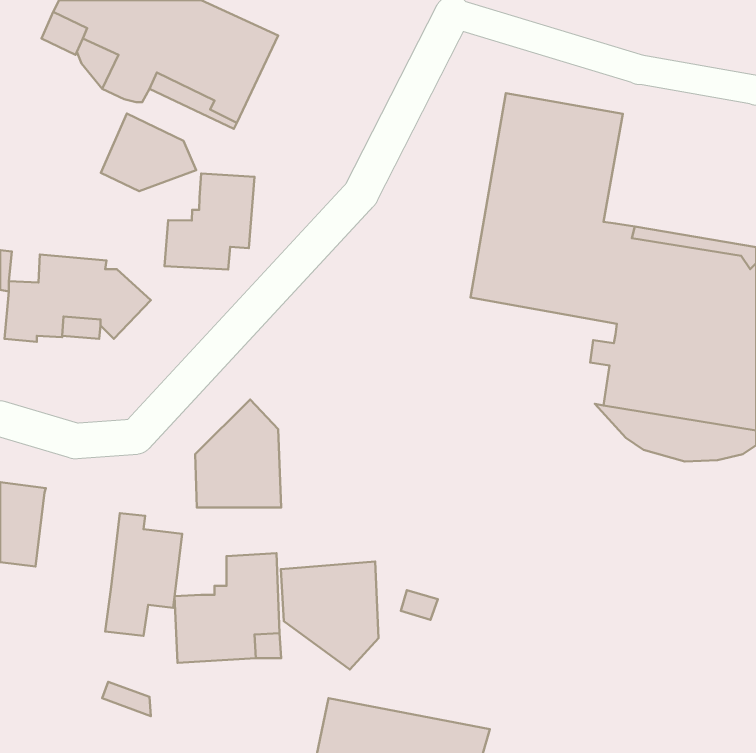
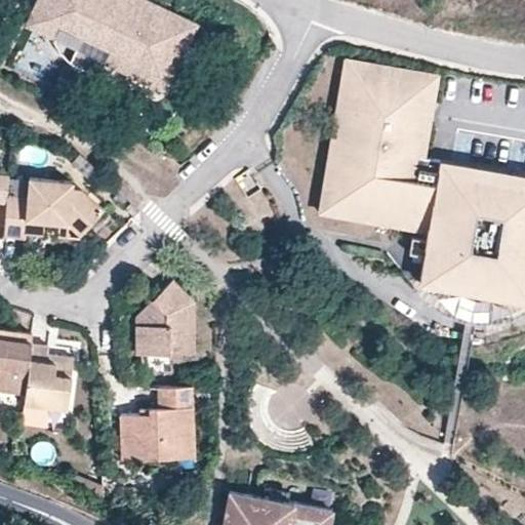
building: none -> [317,57,441,234]
building: [101,113,196,191] -> none
building: [165,174,254,270] -> none
building: [105,513,182,636] -> [21,344,74,429]
building: [281,562,379,669] -> none

